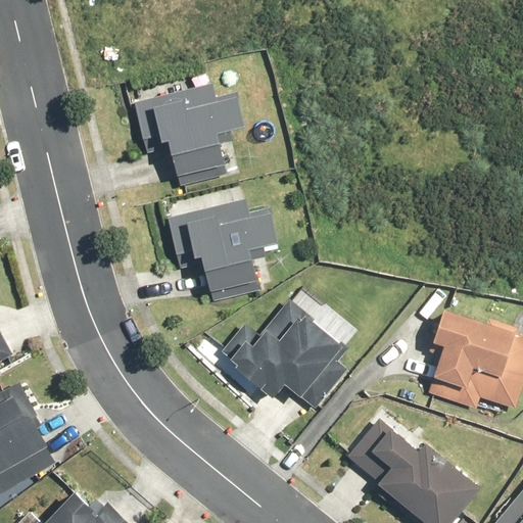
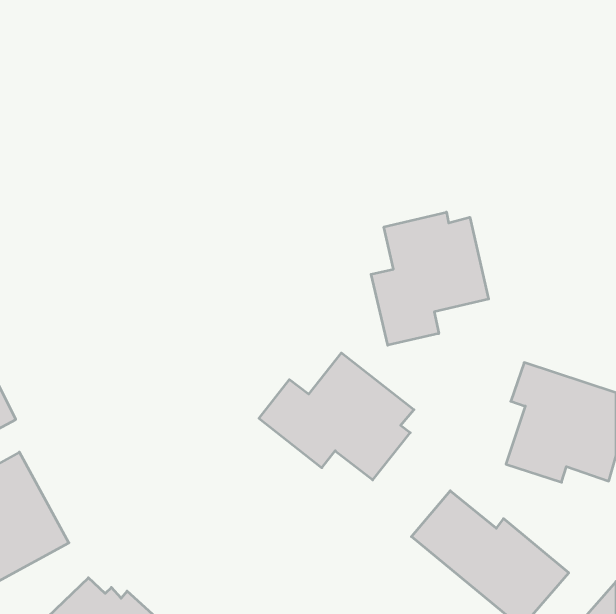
building: [133,84,247,186] -> none
building: none -> [371,212,489,345]
building: [167,199,280,303] -> none

